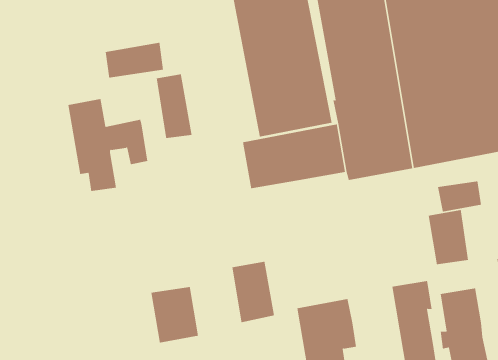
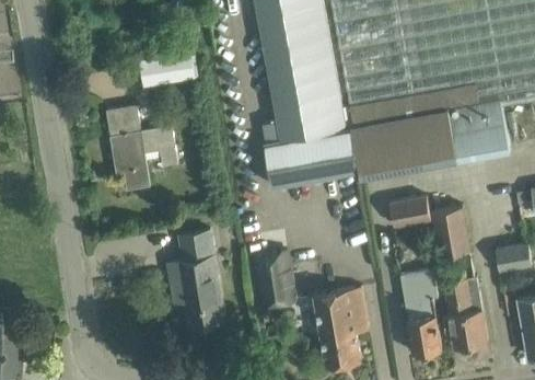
building: [156,74,192,139] -> none
building: [437,181,482,212] -> [389,198,430,227]
building: none -> [168,230,218,284]

